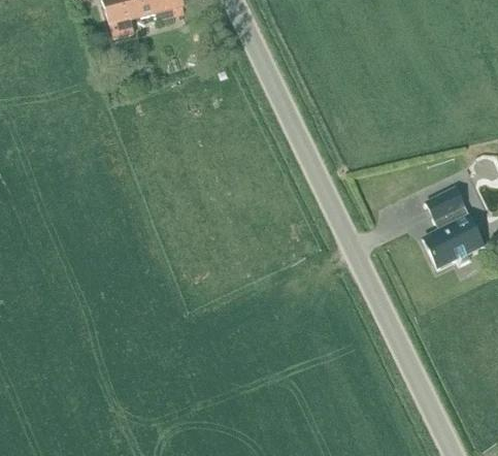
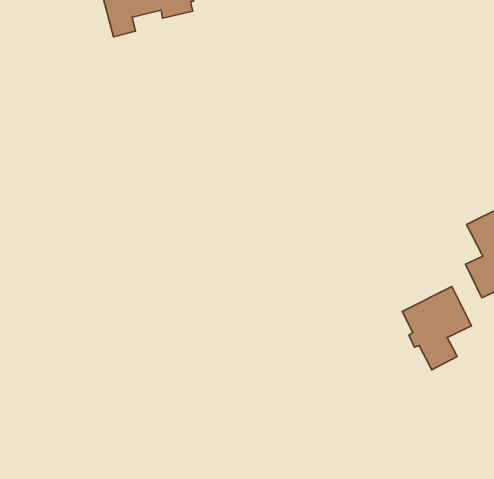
building: none -> [402,287,471,370]

